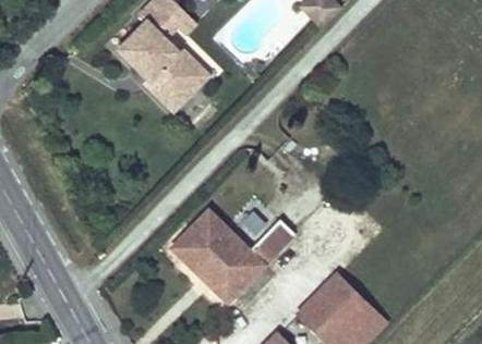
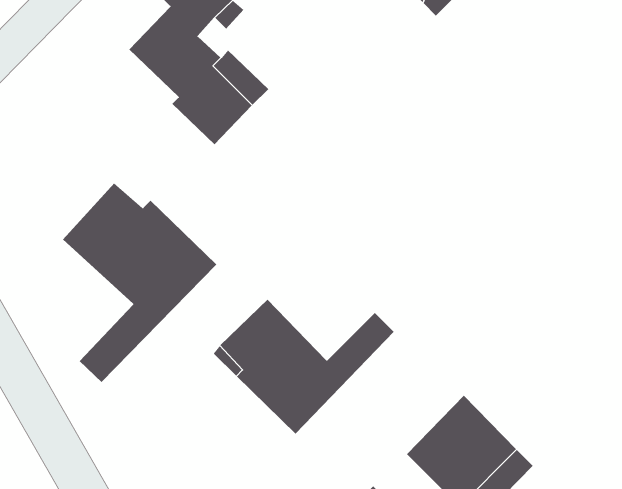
building: none -> [62,182,217,383]

